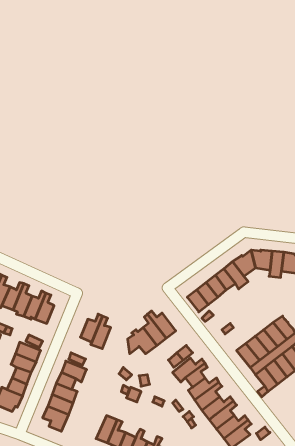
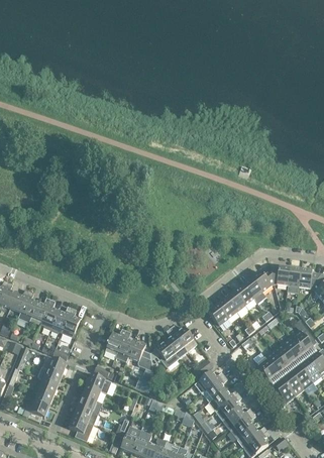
building: none -> [129,341,154,371]

